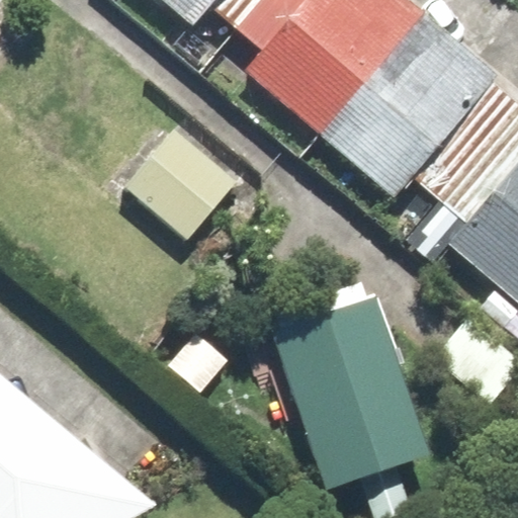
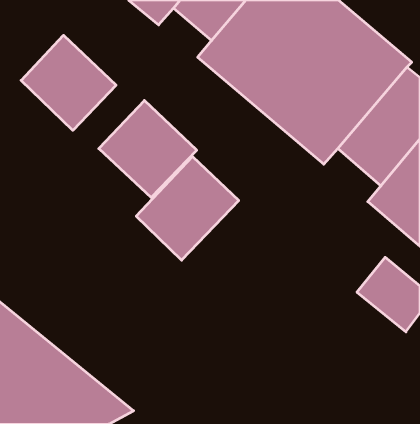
building: none -> [21,35,116,130]
building: none -> [136,157,239,260]
building: [273,283,432,487] -> none

